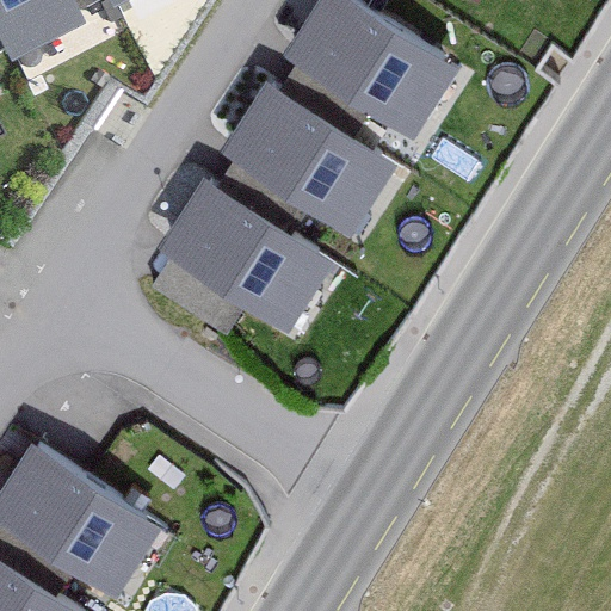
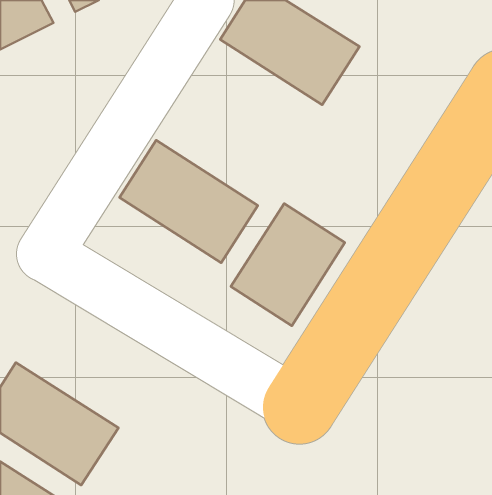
building: [222,84,390,233] -> none
building: none -> [231,204,345,326]

